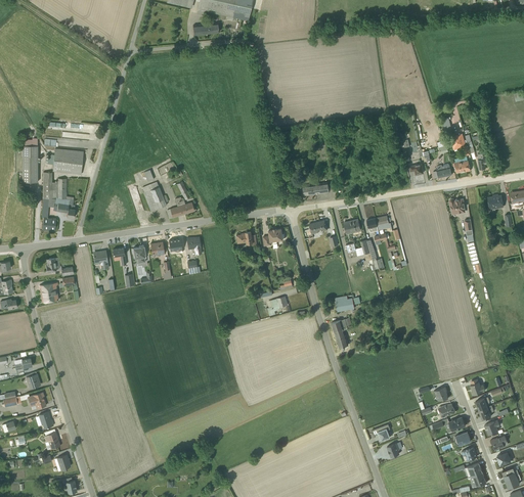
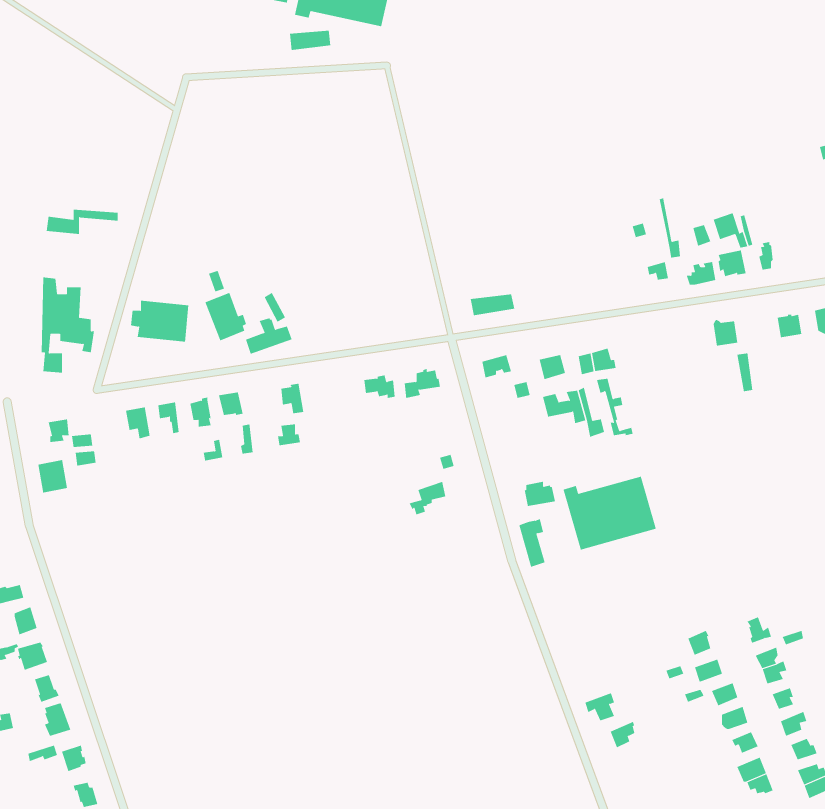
building: [21,139,38,182] -> none
building: [48,148,84,174] -> [130,300,189,342]
building: none -> [563,476,657,551]

